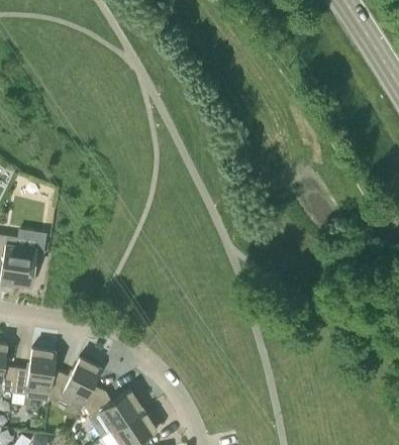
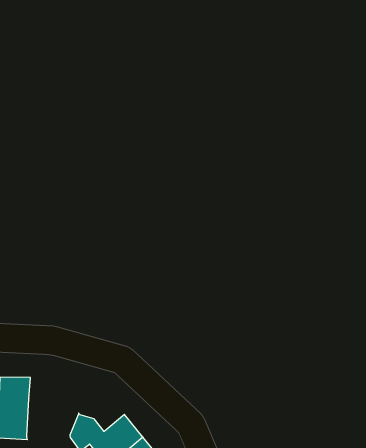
building: [47,358,100,406] -> none

